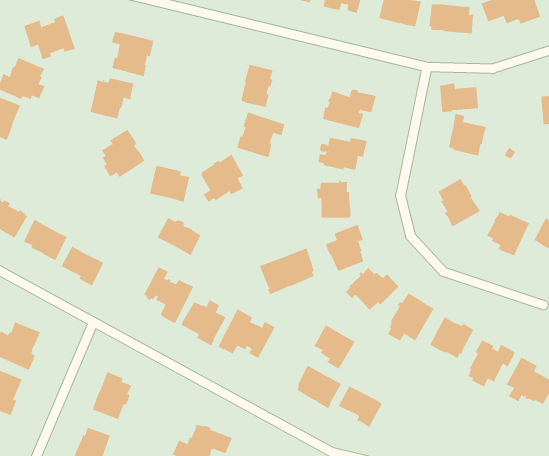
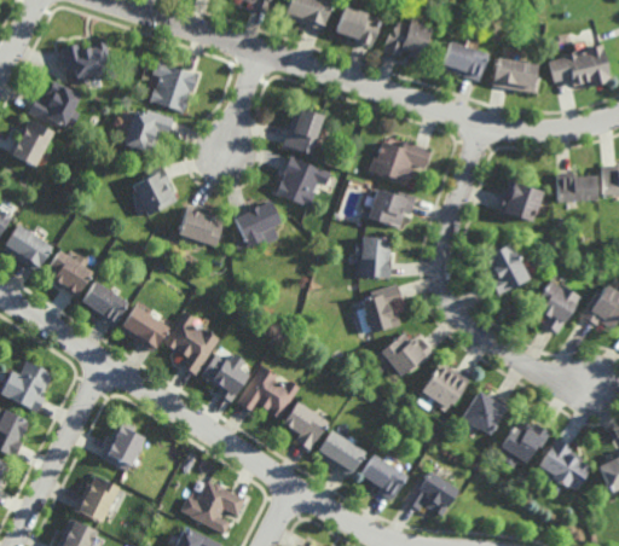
building: [439,83,479,113] -> [556,172,596,202]
building: [157,217,201,256] -> [120,307,167,349]
building: [259,247,315,295] -> none
building: [313,325,355,369] -> [285,399,330,447]
building: none -> [407,469,461,515]

